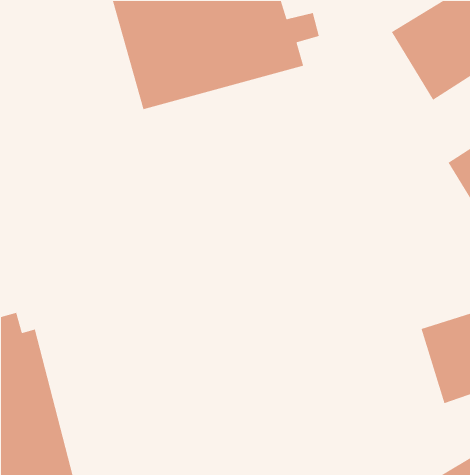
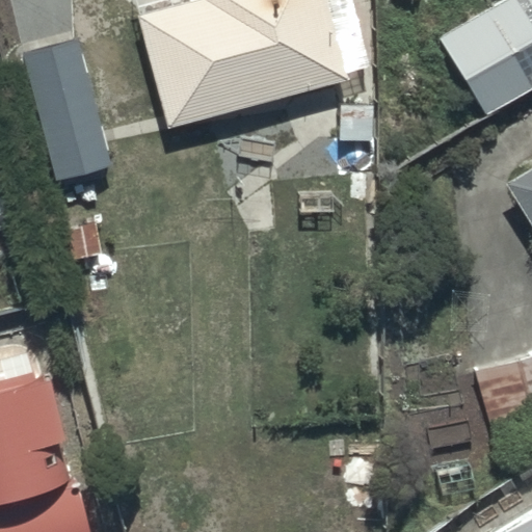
building: none -> [21,41,111,181]

